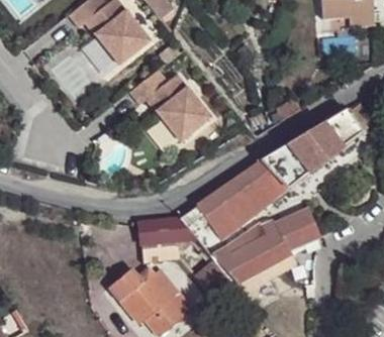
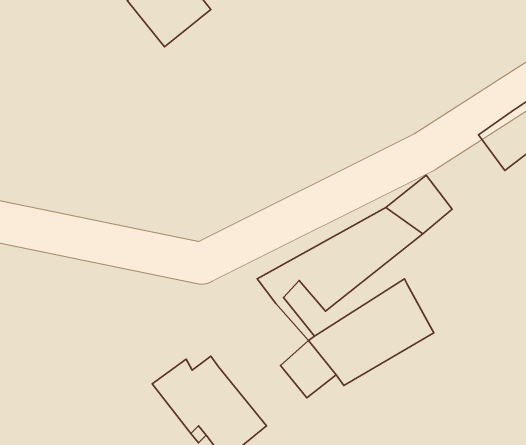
building: [128,70,209,141] -> none
building: [289,122,341,171] -> none
building: [277,207,319,247] -> none
building: [136,216,191,261] -> none

